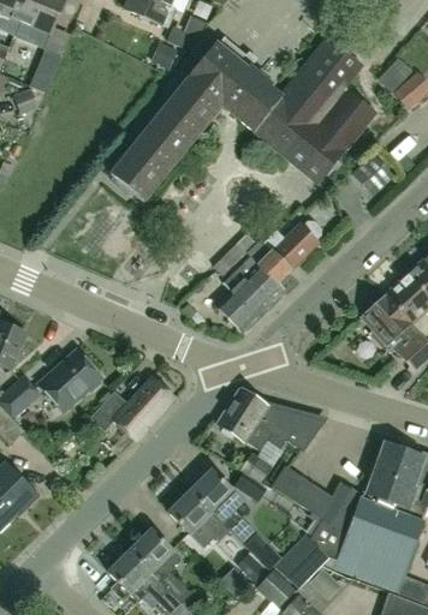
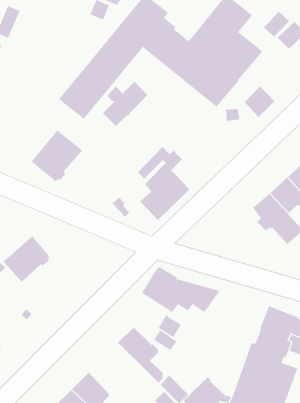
building: none -> [31,130,83,182]
building: [258,222,319,282] -> [102,81,148,127]
building: [90,377,173,438] -> none
building: [271,465,361,560] -> none
building: [166,489,228,539] -> none

